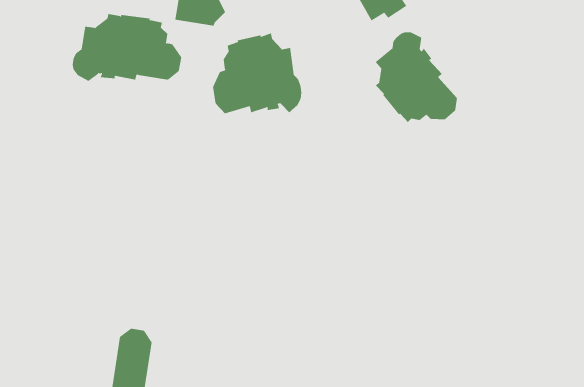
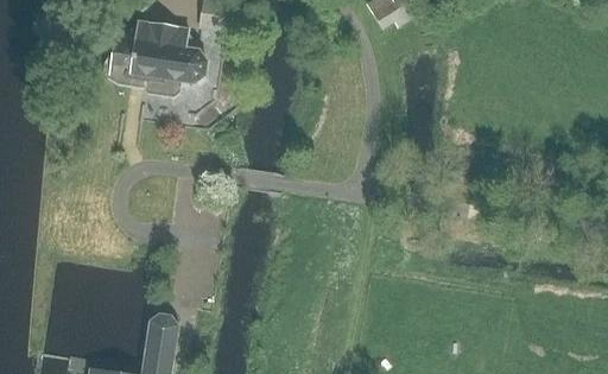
building: [375,31,457,123] -> none
building: [213,33,302,114] -> none

